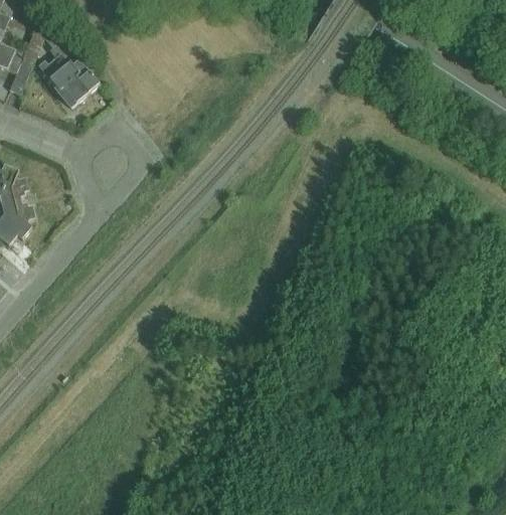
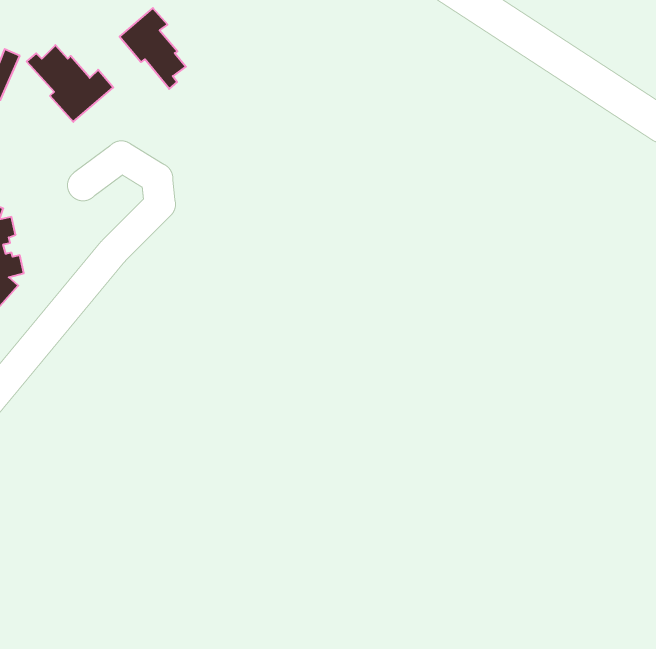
building: none -> [120,8,186,89]

